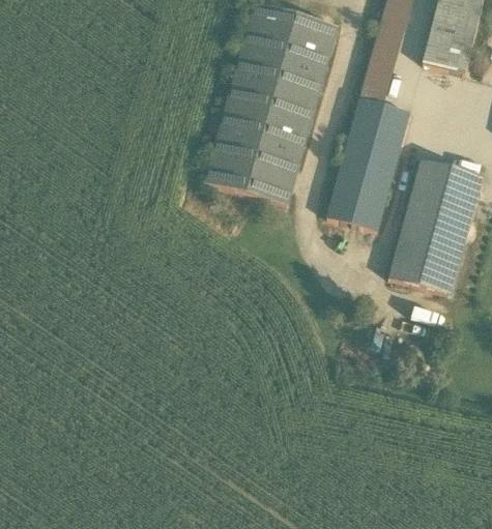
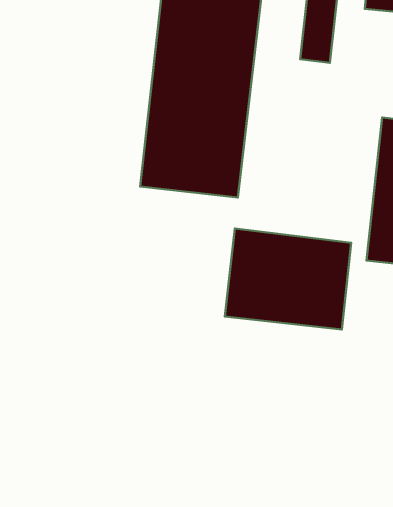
building: [327,94,410,228] -> none
building: none -> [225,228,351,330]

